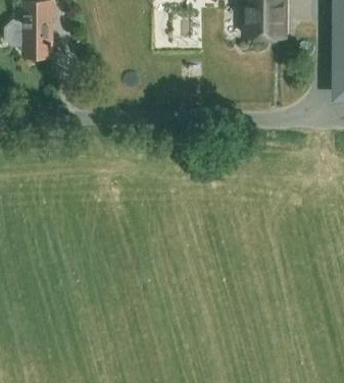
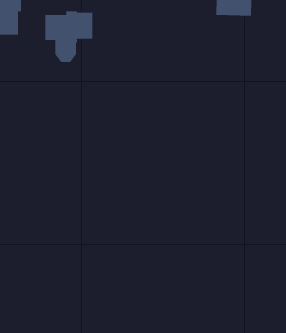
building: none -> [45,11,93,63]

